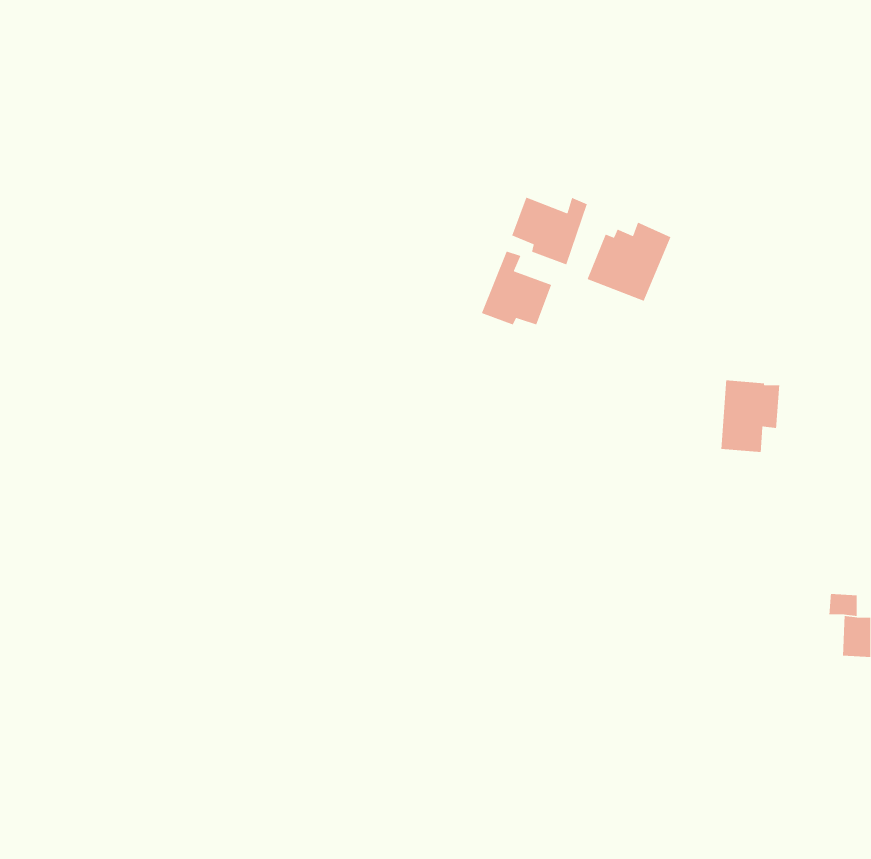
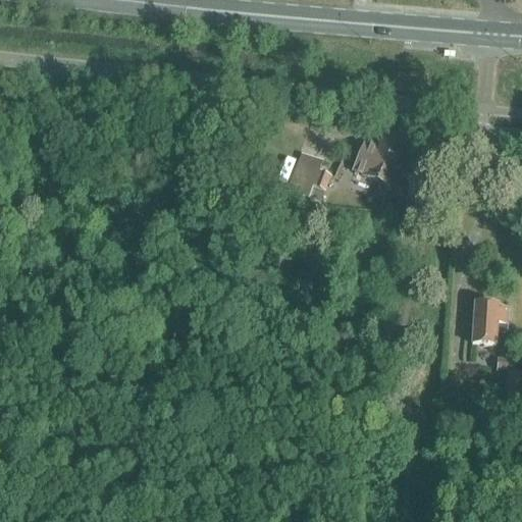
building: [511,197,588,266] -> none
building: [720,380,780,453] -> [471,300,507,344]

